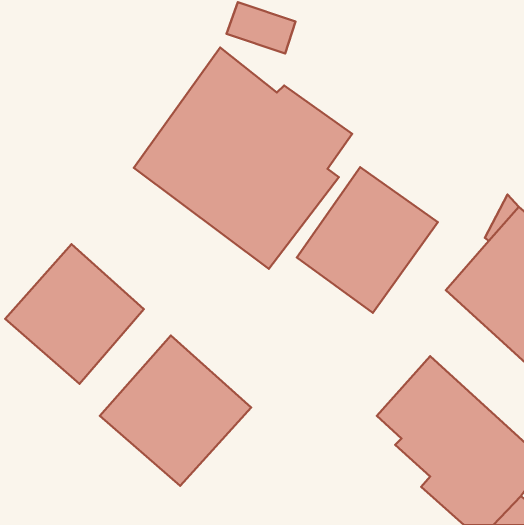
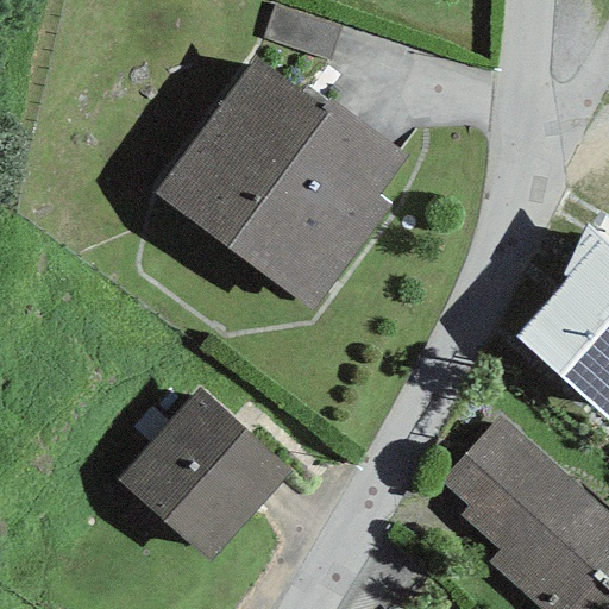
building: [297,167,438,313] -> none
building: [5,244,144,384] -> none

